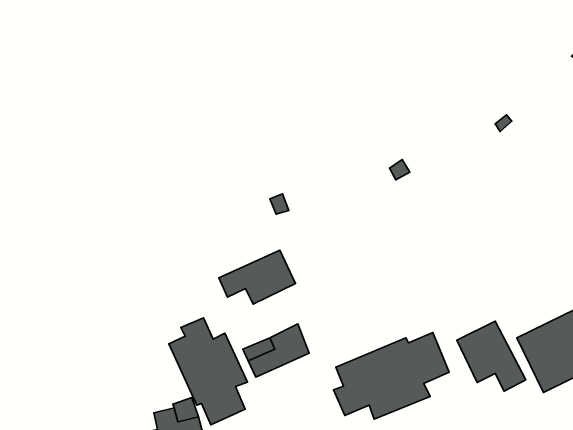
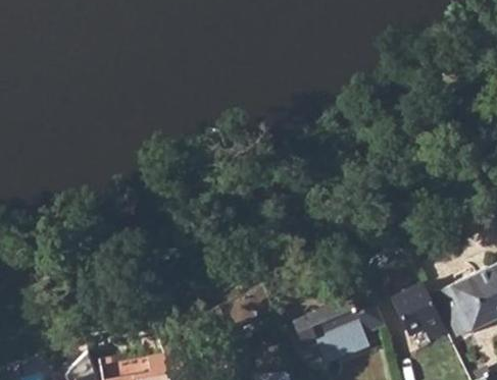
building: [219,250,296,304] -> none
building: [169,318,247,425] -> none

